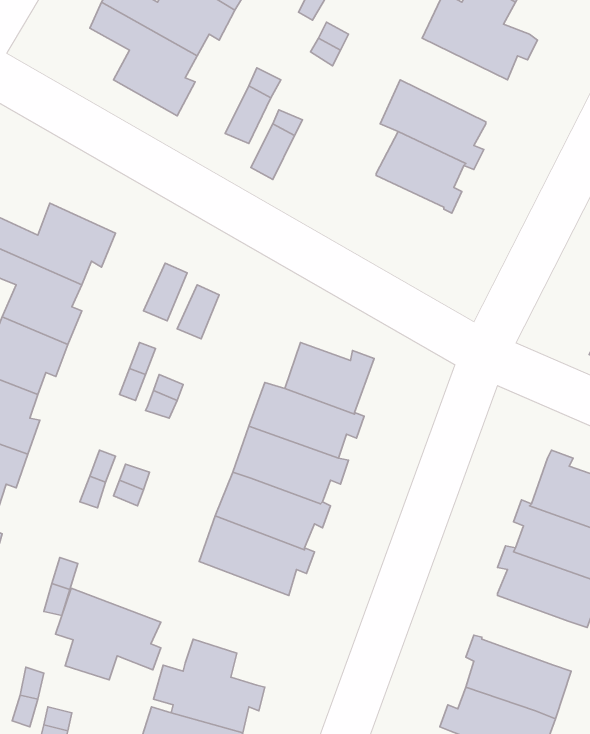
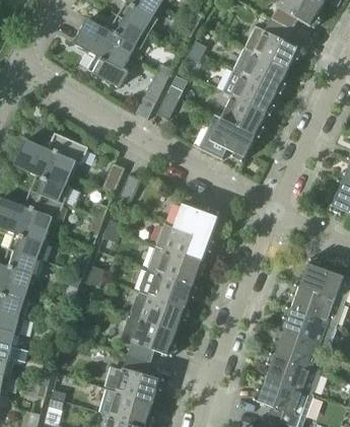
building: none -> [232,49,287,94]
building: none -> [190,113,255,162]
building: [55,588,161,680] -> [122,315,176,362]
building: none -> [274,330,319,368]

